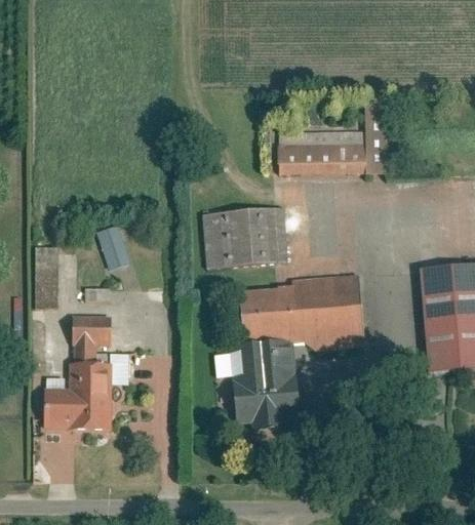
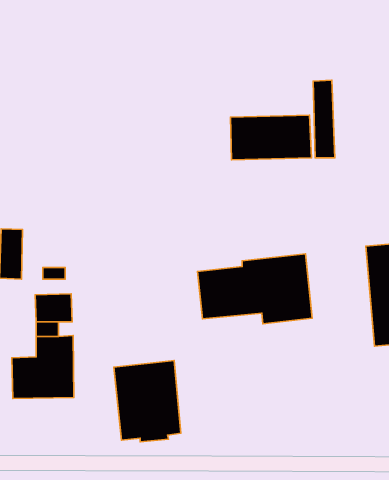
building: [200,208,283,270] -> none
building: [96,224,130,269] -> none
building: [230,341,301,428] -> [114,360,181,442]

